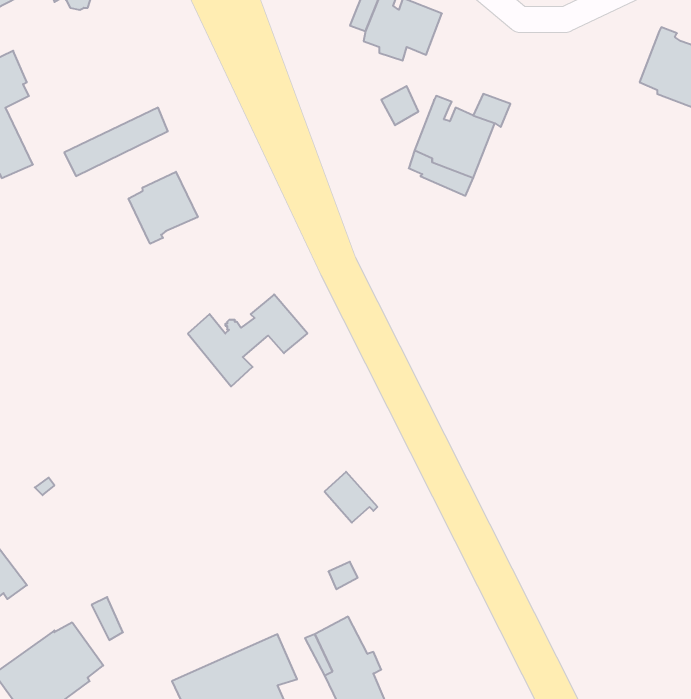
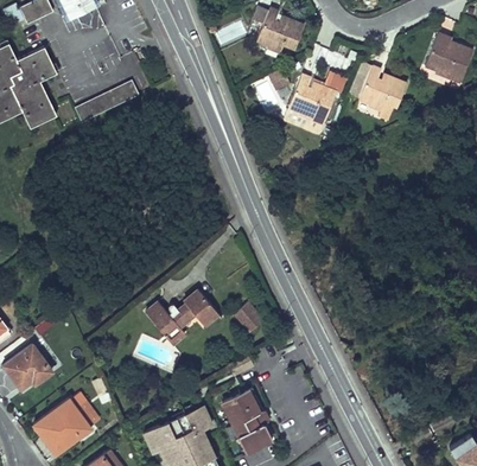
building: none -> [358,66,406,121]
building: [129,172,198,244] -> none
building: [188,294,307,386] -> [145,289,217,345]

